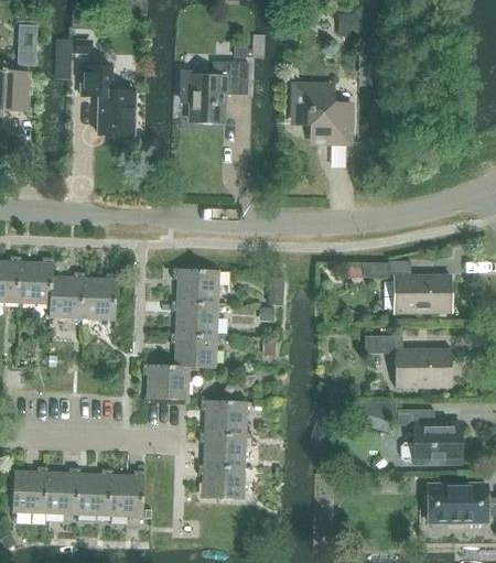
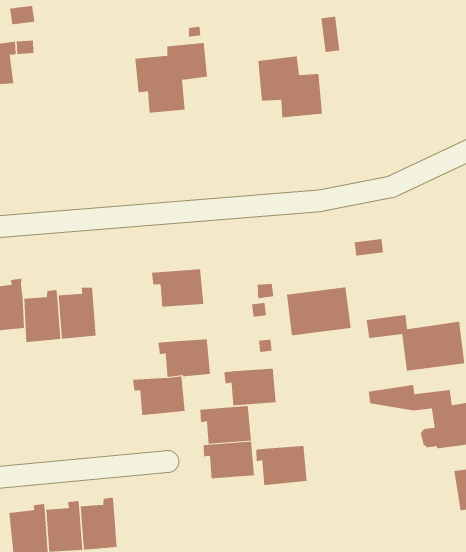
building: [82,66,134,136] -> none
building: [395,274,451,313] -> [286,287,352,336]
building: [172,301,218,335] -> [223,368,277,406]
building: [198,464,245,499] -> [255,446,307,486]
building: [110,470,145,517] -> none

